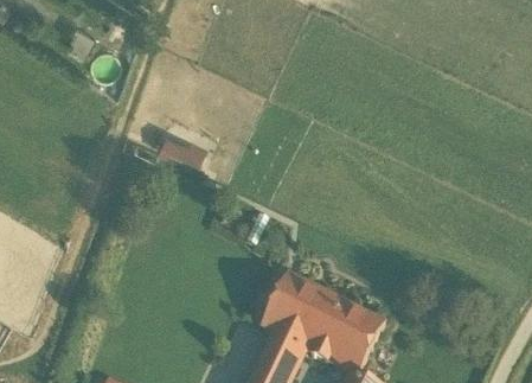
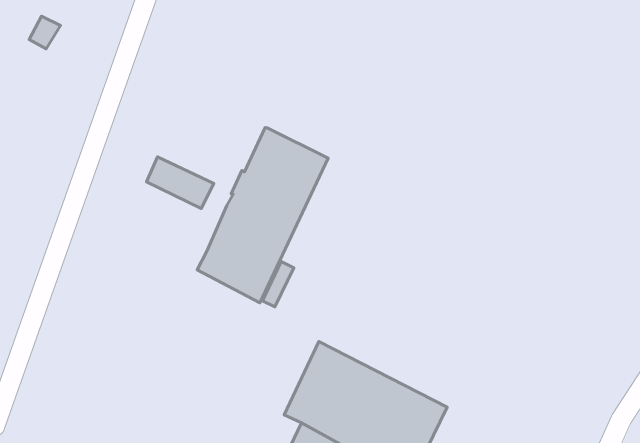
building: none -> [197,128,328,303]

